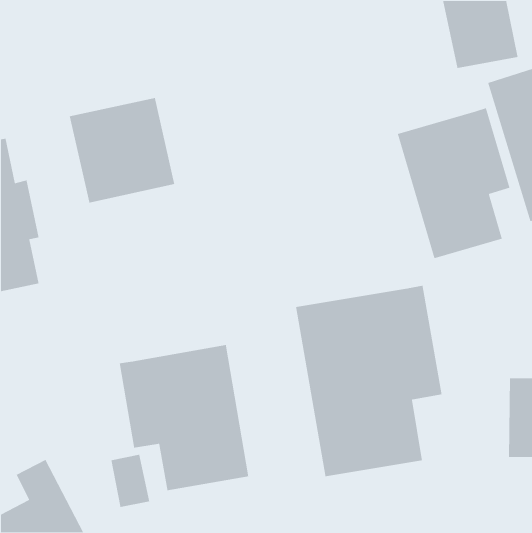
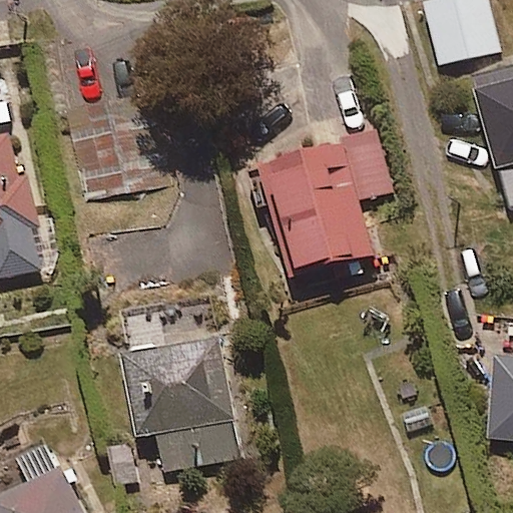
building: [397,107,511,259] -> none
building: none -> [254,136,375,275]
building: [295,285,442,477] -> none

